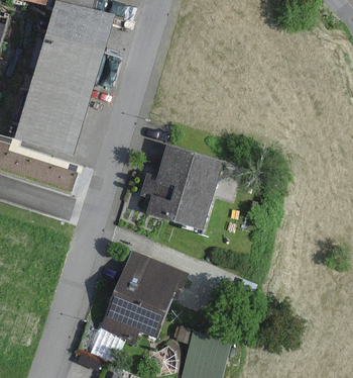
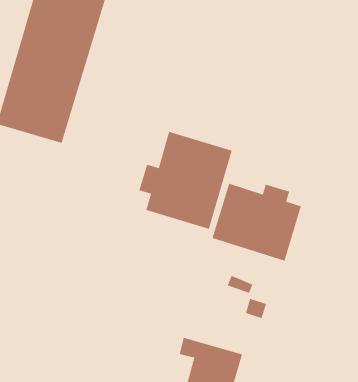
building: none -> [212,183,302,261]
building: [98,250,190,346] -> none

